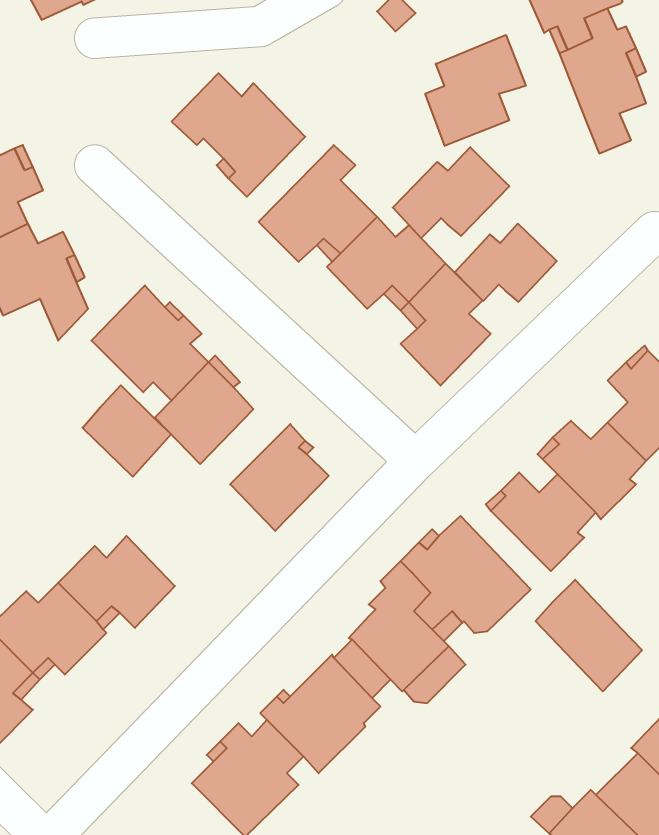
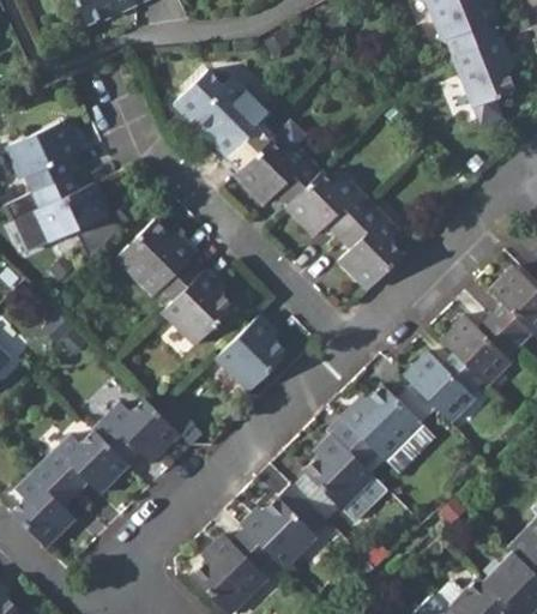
building: [425,35,526,146] -> none
building: [393,147,509,238] -> none
building: [455,224,557,302] -> none
building: [82,385,171,477] -> none
building: [536,580,642,691] -> none

